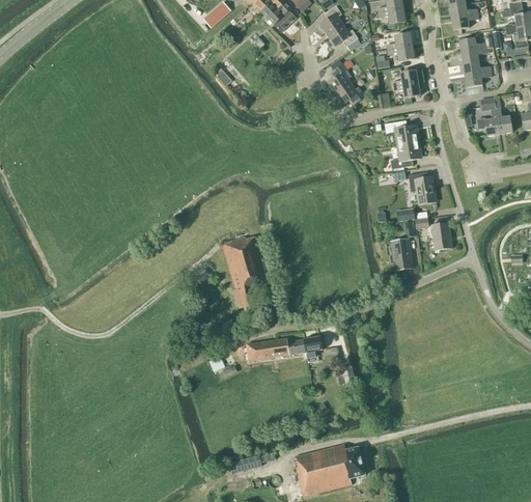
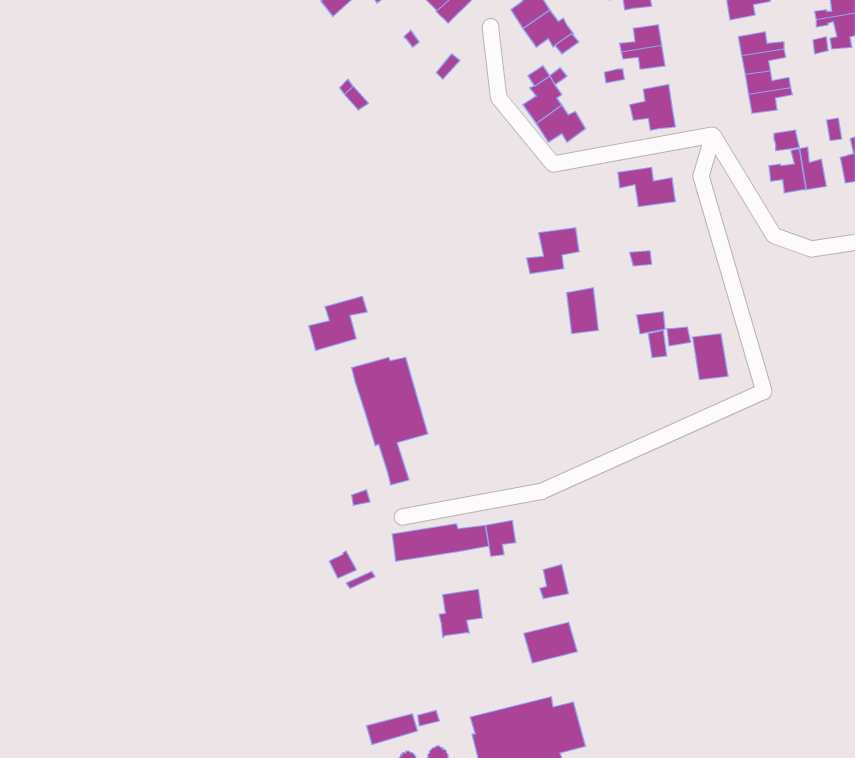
building: [390,141,422,169] -> [527,228,579,274]
building: [408,172,437,202] -> none
building: none -> [309,296,367,351]
building: [392,239,412,267] -> [566,288,599,333]
building: none -> [439,589,482,637]
building: none -> [524,622,577,663]

